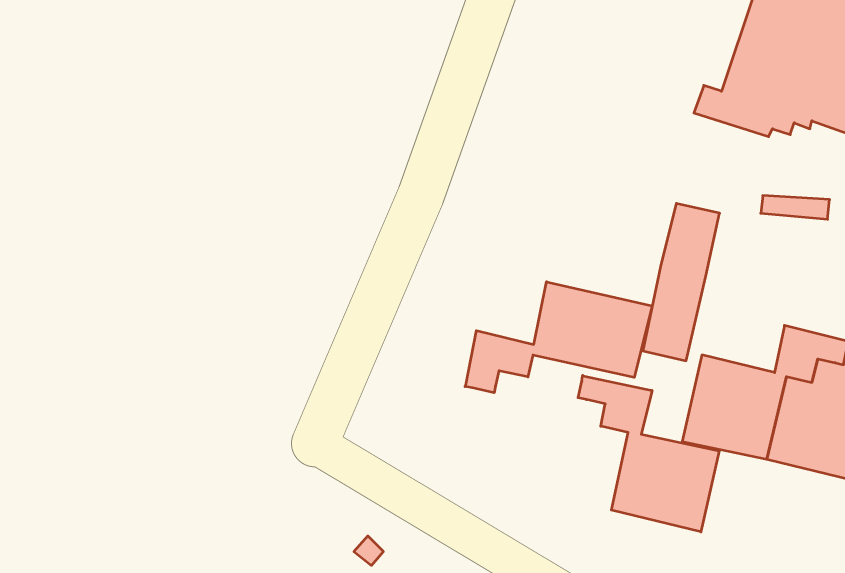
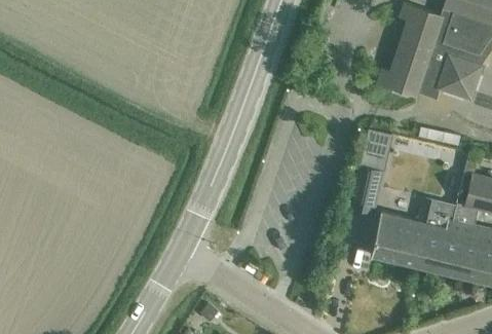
building: [465,282,652,393] -> none
building: [578,375,719,532] -> none

